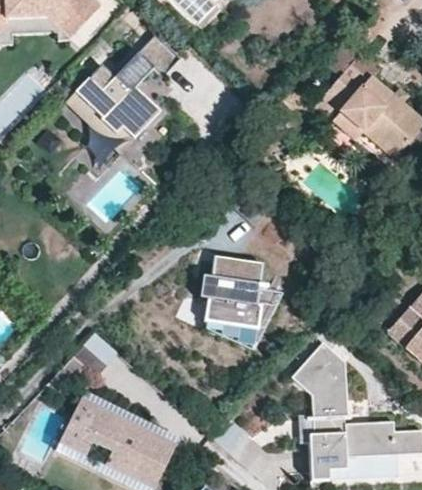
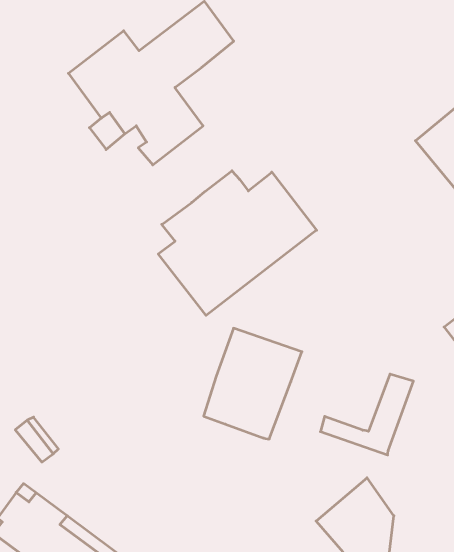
building: none -> [158,171,317,315]
building: [217,286,275,342] -> [320,374,413,455]

